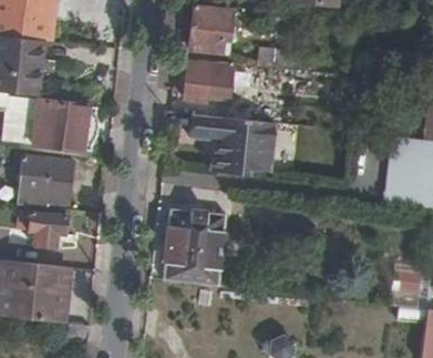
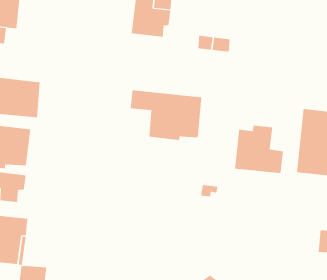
building: [183,60,233,108] -> none
building: none -> [235,125,284,174]
building: [164,209,227,285] -> none

